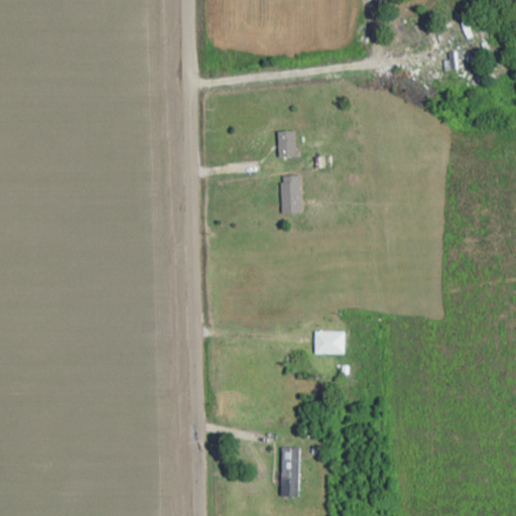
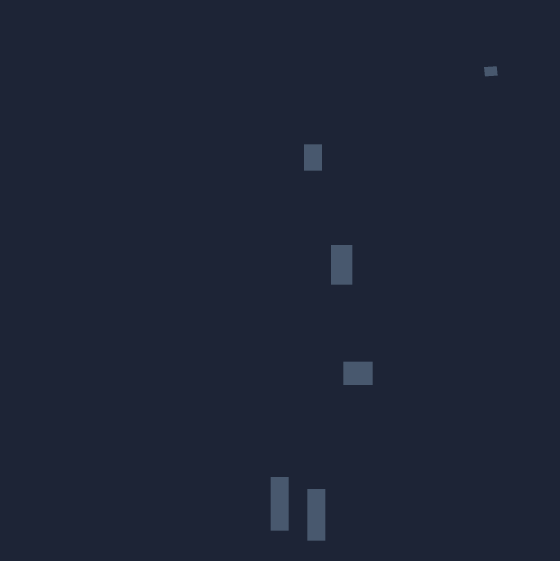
building: [280,175,301,213] -> [330,244,353,285]
building: none -> [270,476,289,532]

